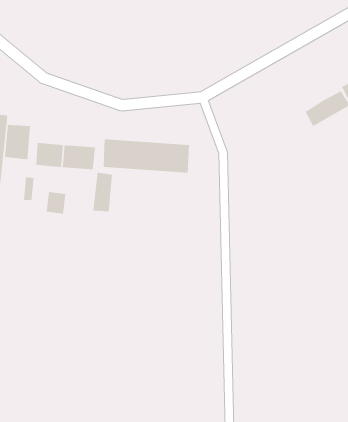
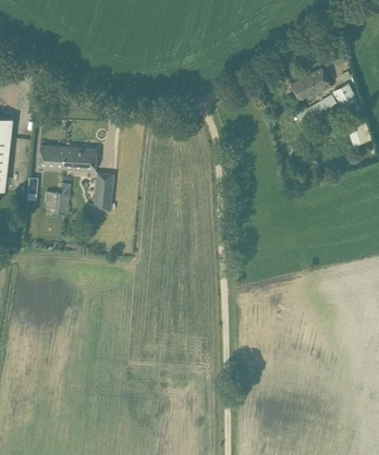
building: none -> [292,66,332,102]
building: [5,124,31,160] -> none
building: [103,138,190,174] -> none

